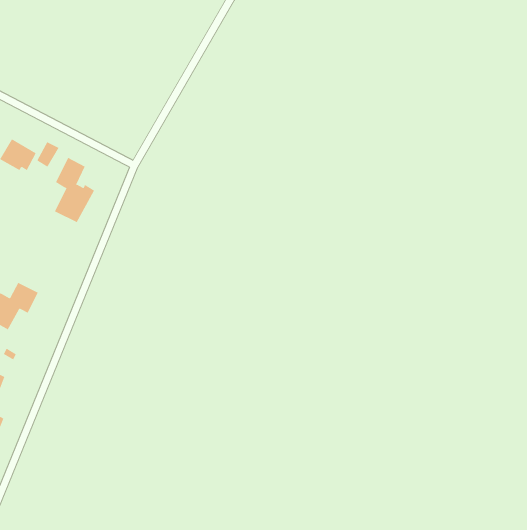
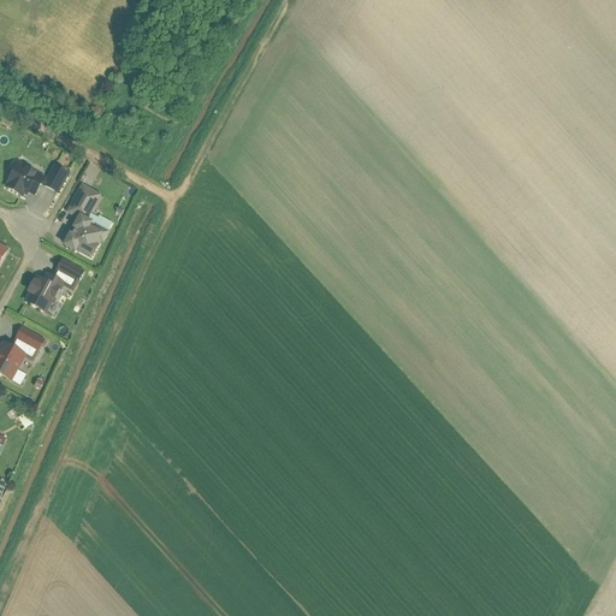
building: none -> [20,256,82,313]

